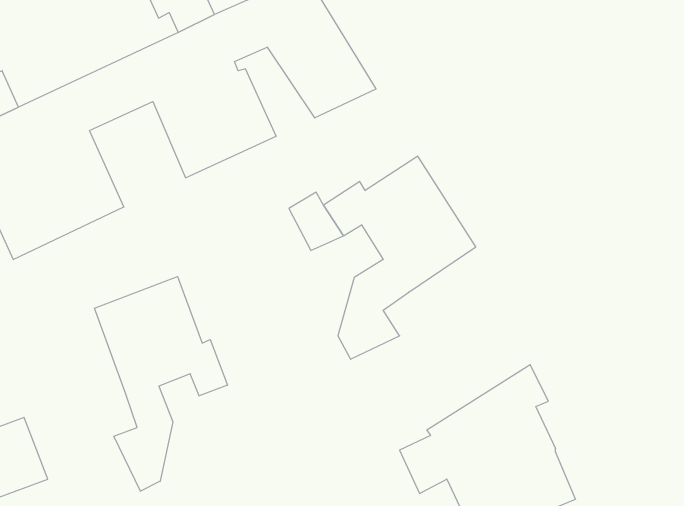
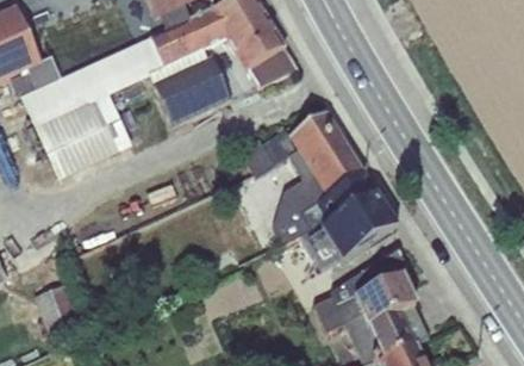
building: none -> [304,169,397,267]
building: [95,277,227,491] -> none

